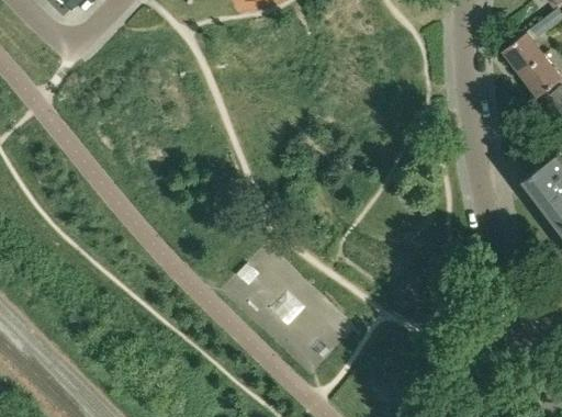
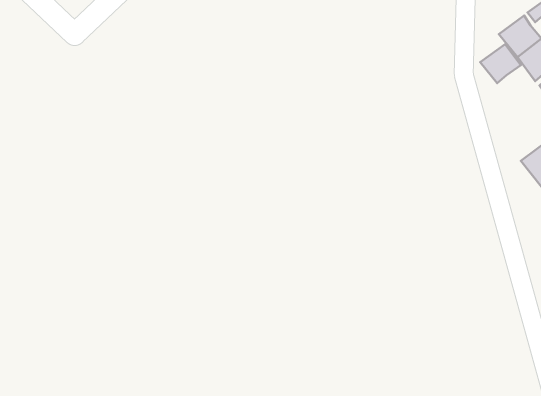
building: none -> [480,44,521,83]

